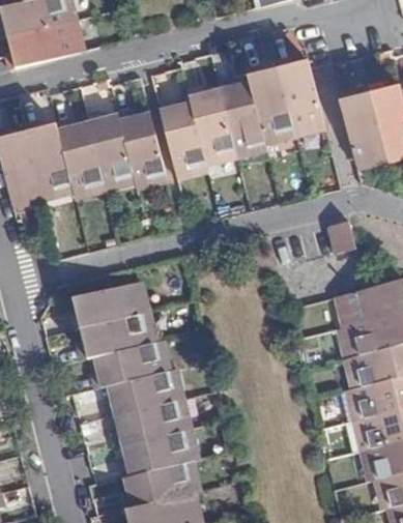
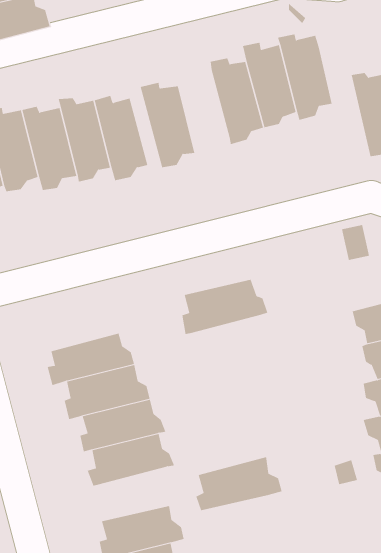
building: [186,87,233,161] -> none
building: [70,284,145,331] -> [181,279,268,335]
building: [119,430,194,476] -> [196,457,282,511]

